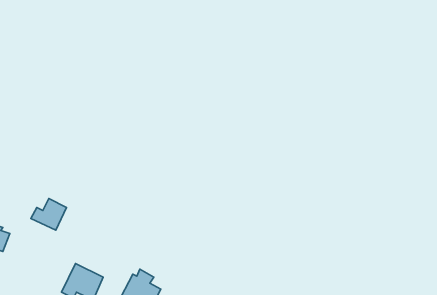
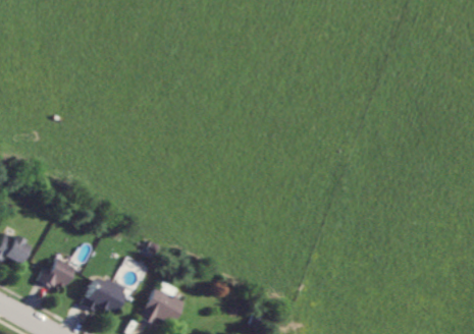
building: [31,198,67,230] -> [38,258,74,290]

